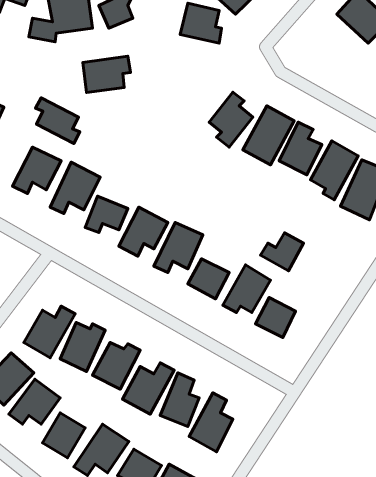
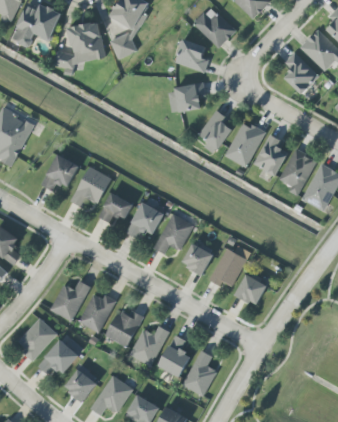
building: none -> [283,52,318,94]
building: [83,56,130,92] -> [167,84,205,113]
building: [36,98,80,144] -> none
building: [261,233,304,271] -> none

